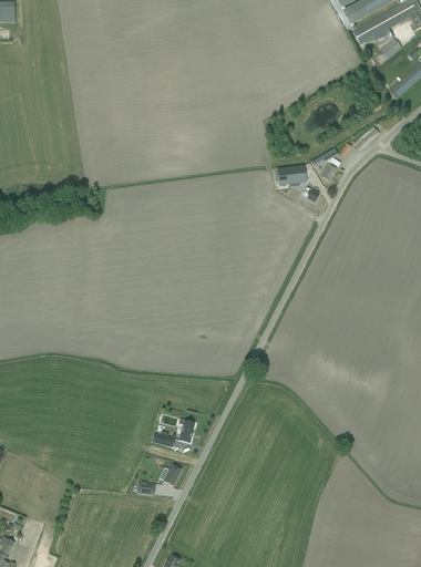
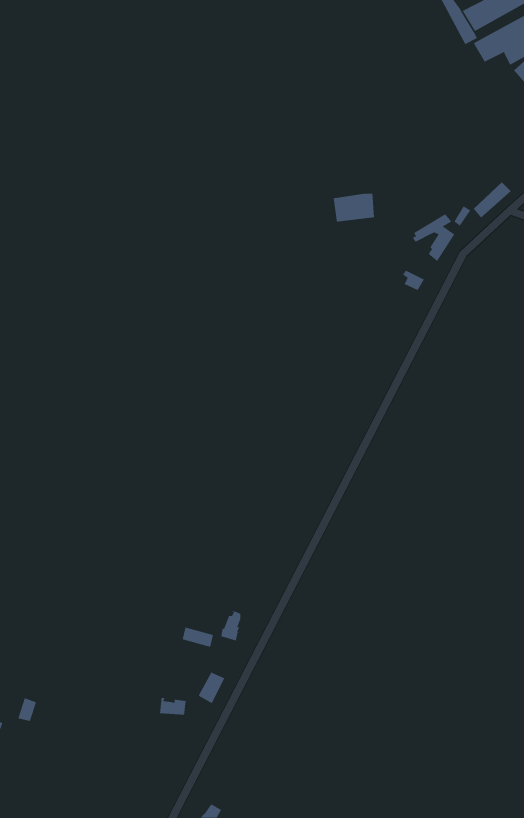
building: [277,164,306,184] -> [333,193,375,222]

